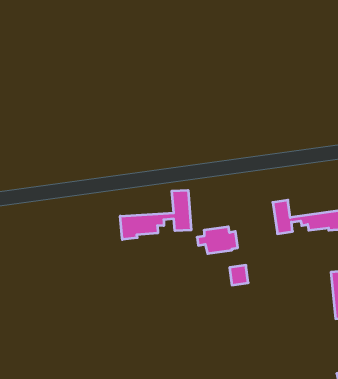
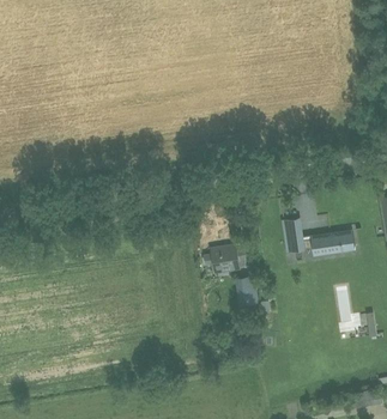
building: [120,190,191,240] -> none

